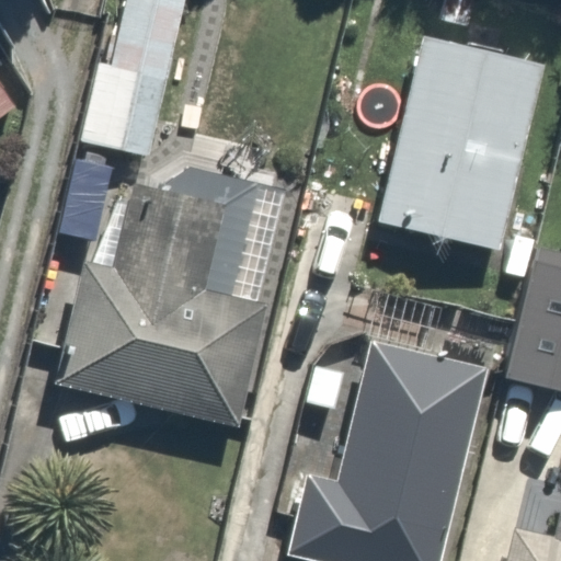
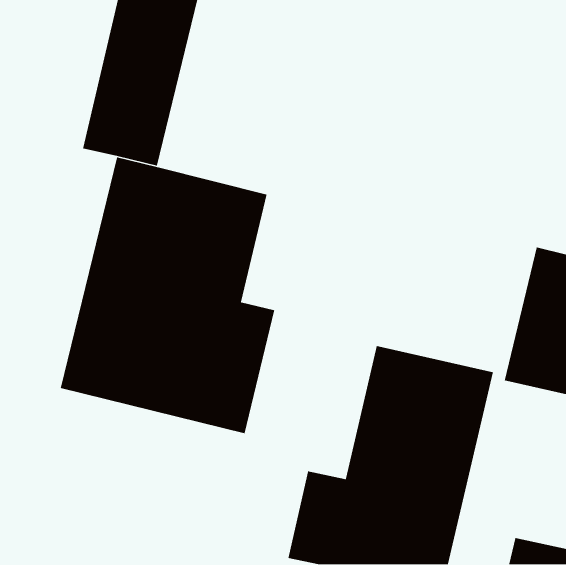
building: [380,36,542,248] -> none

